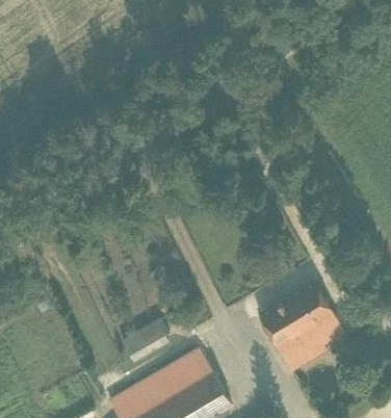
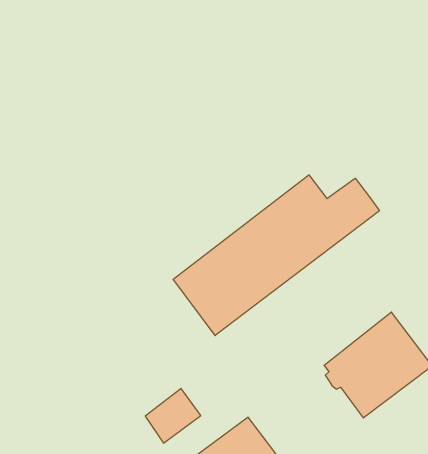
building: none -> [173,175,379,336]

